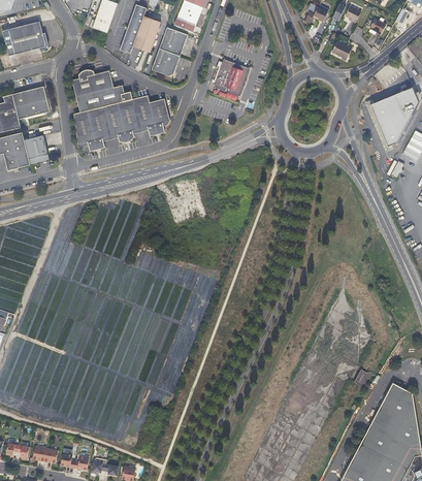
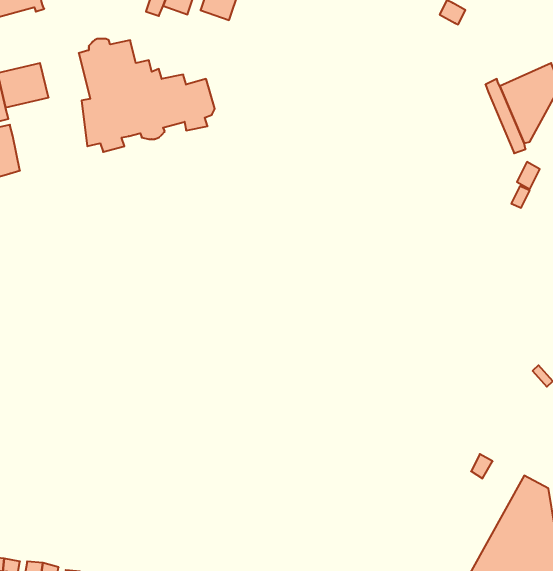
building: [153,49,181,75] -> none
building: [212,58,250,96] -> none
building: [25,135,50,165] -> none

